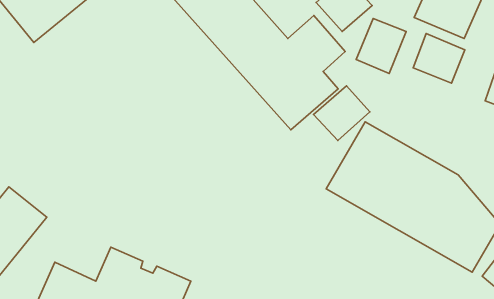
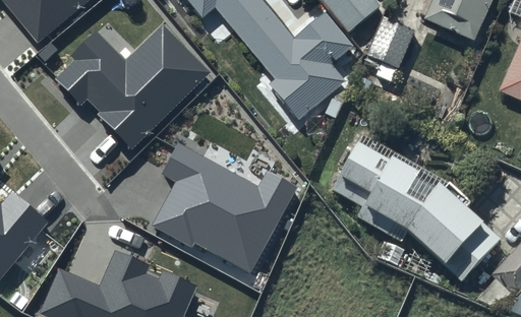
building: none -> [53,20,214,149]
building: [413,33,465,83] -> none
building: [313,86,370,141] -> none
building: none -> [154,140,300,273]

